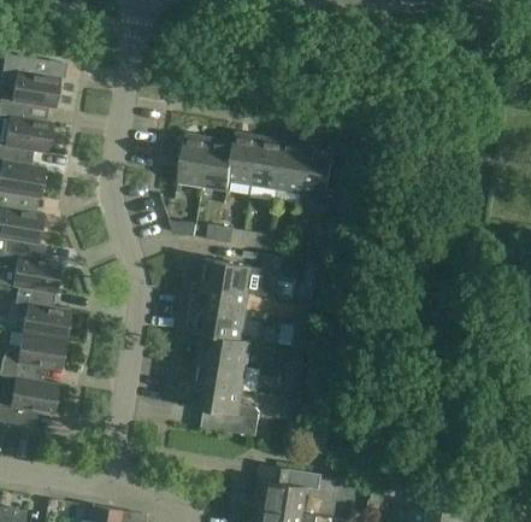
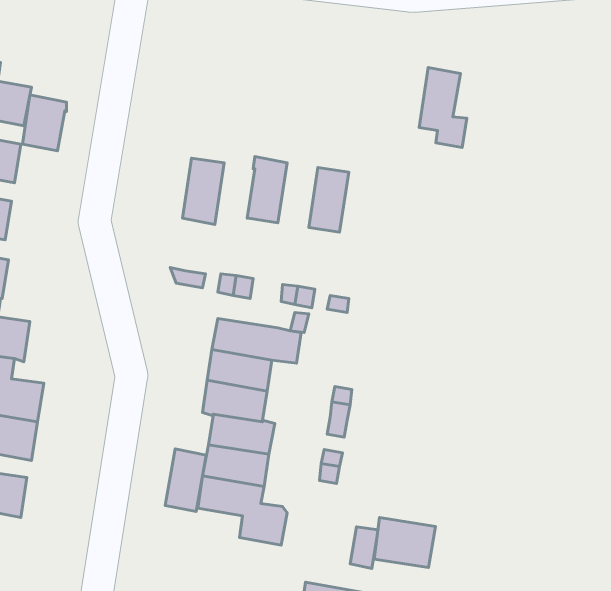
building: none -> [23,95,67,151]
building: [203,139,235,190] -> none
building: [253,139,284,189] -> none
building: [301,146,338,209] -> [419,67,467,148]
building: none -> [165,449,206,512]
building: none -> [374,518,435,567]

